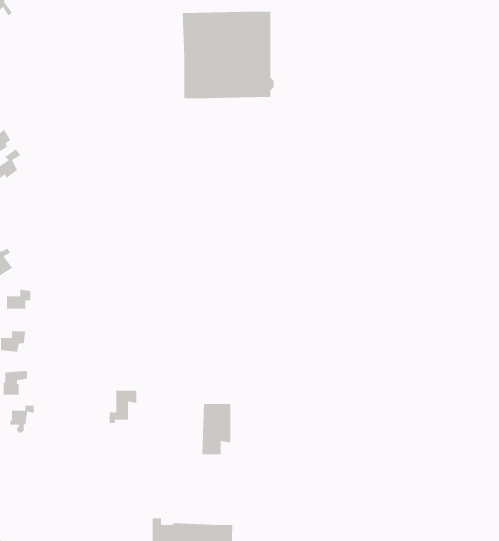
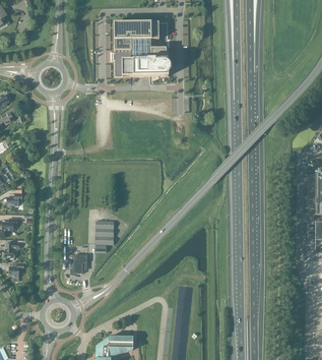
building: [202,403,231,455] -> [94,220,113,251]

